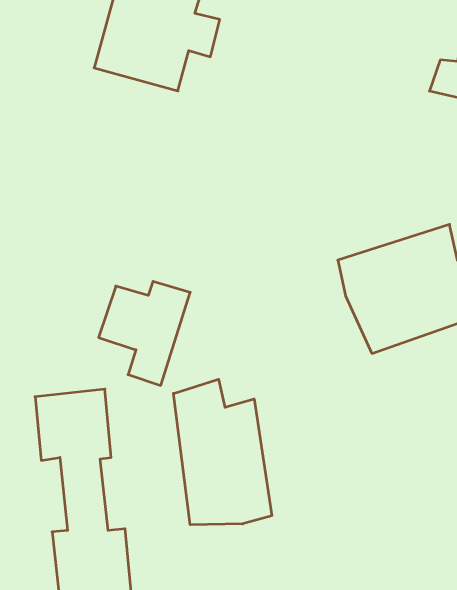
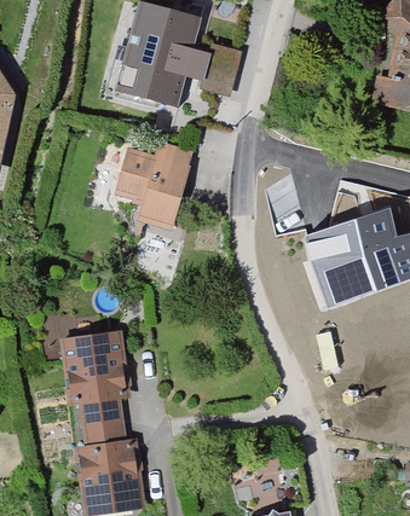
building: [99,281,190,385] -> [120,150,191,231]
building: [173,379,272,525] -> none

